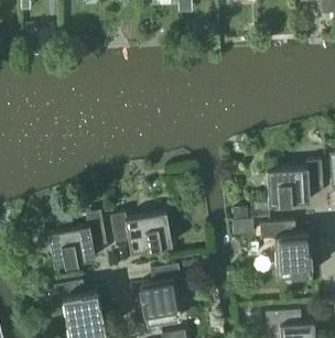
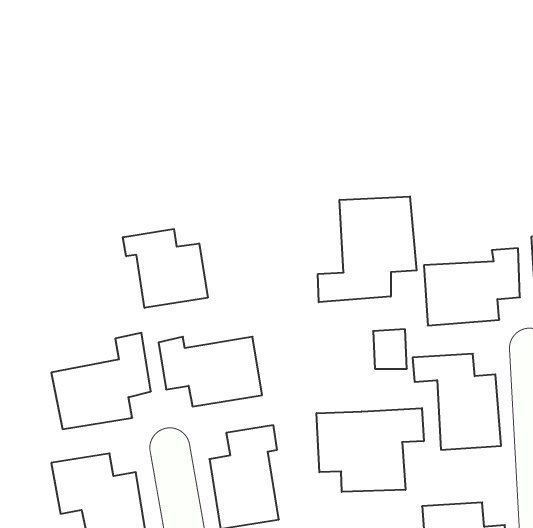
building: none -> [318,196,417,302]
building: none -> [123,229,208,308]
building: none -> [317,408,424,492]

